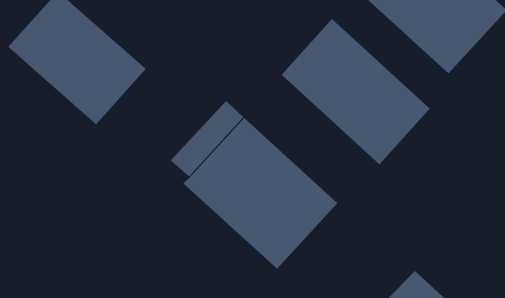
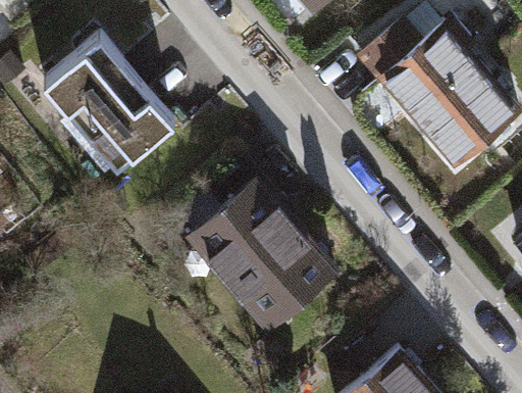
building: [281,18,431,165] -> none

